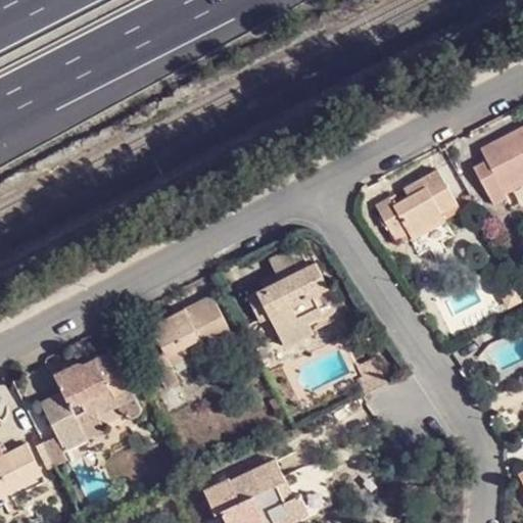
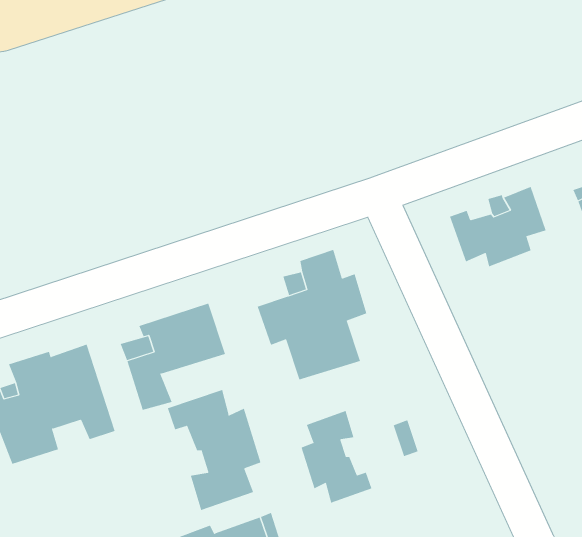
building: none -> [167,389,261,511]
building: none -> [301,410,372,503]

